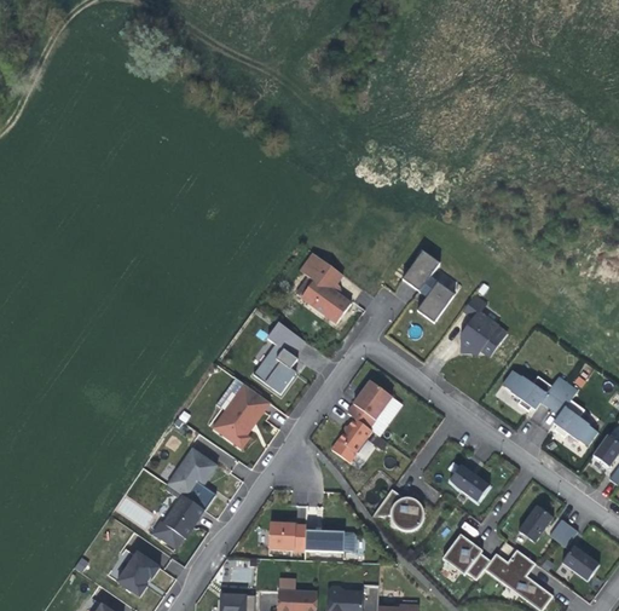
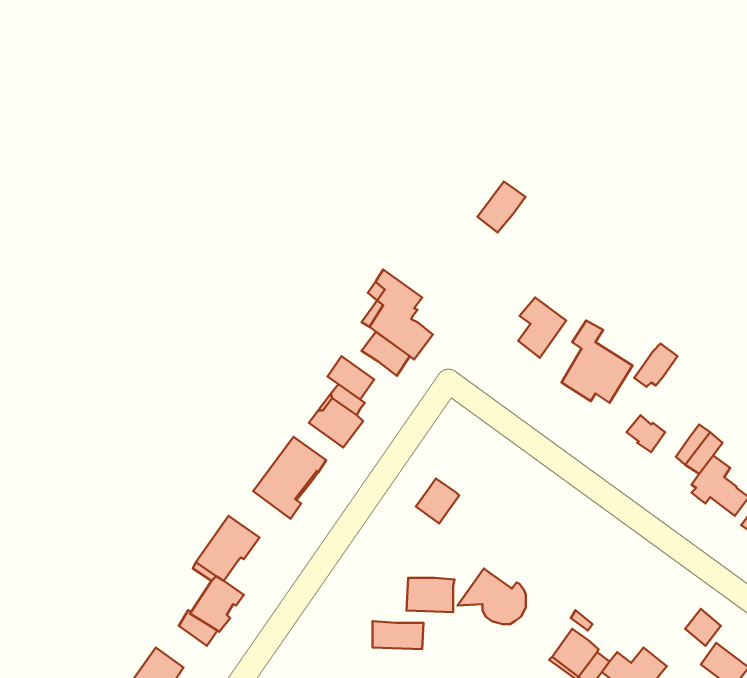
building: [404,250,441,290] -> [477,181,525,232]
building: none -> [362,332,410,376]
building: [519,375,553,409] -> [634,344,677,387]
building: [348,380,393,428] -> none
building: [449,465,490,502] -> none
building: [517,505,553,542] -> none
building: [268,523,306,549] -> [407,578,455,612]

